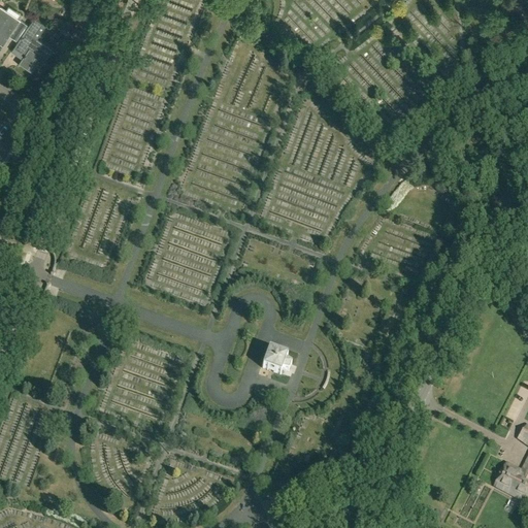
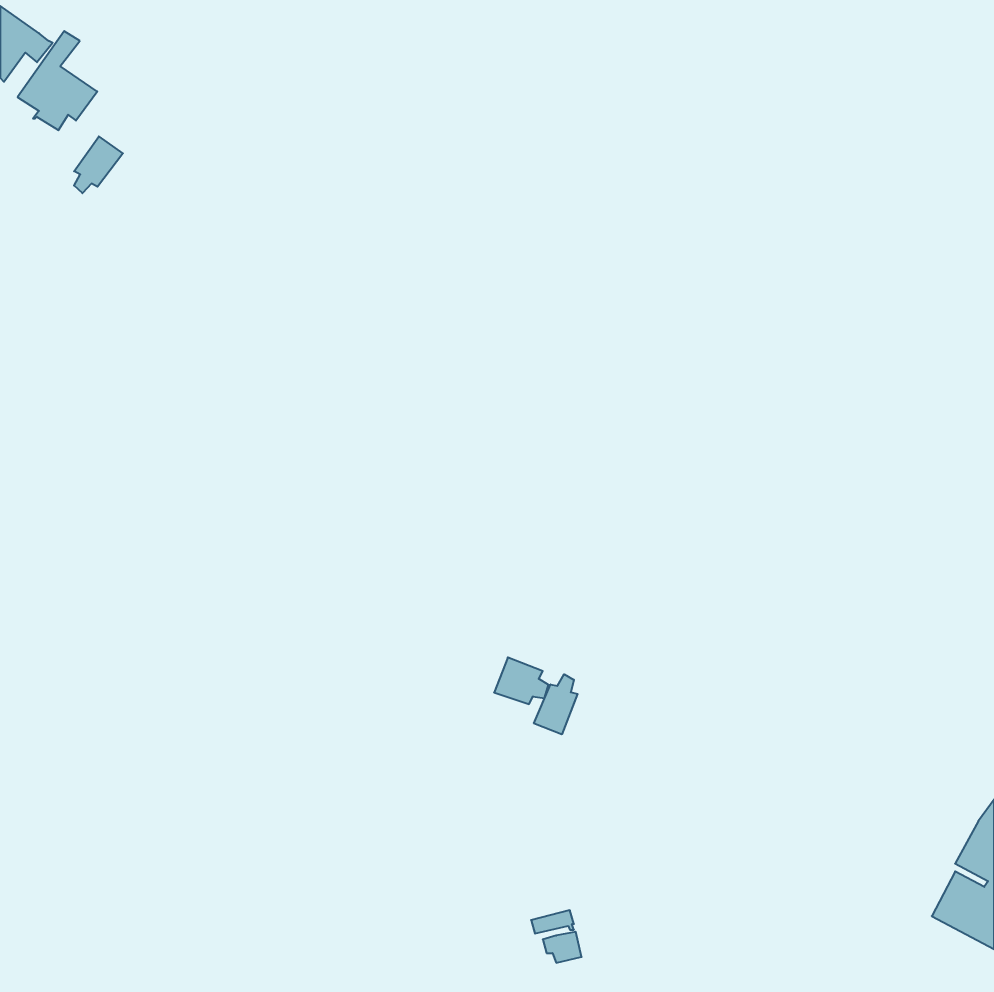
building: none -> [74,136,123,193]
building: none -> [534,674,578,734]

